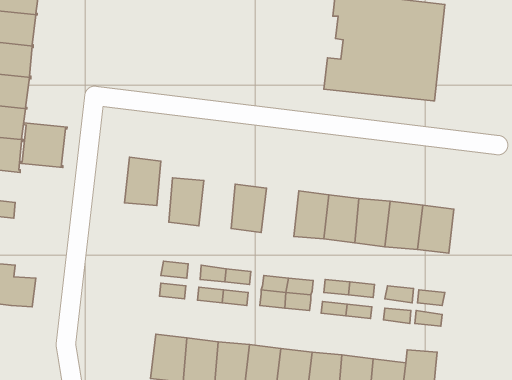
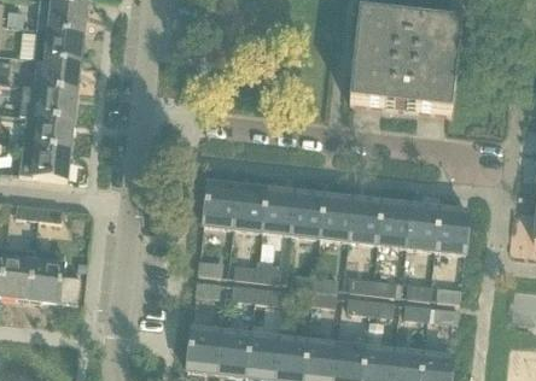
building: [21,123,67,167] -> none
building: [124,157,161,206] -> [233,186,267,230]
building: none -> [291,193,326,238]

